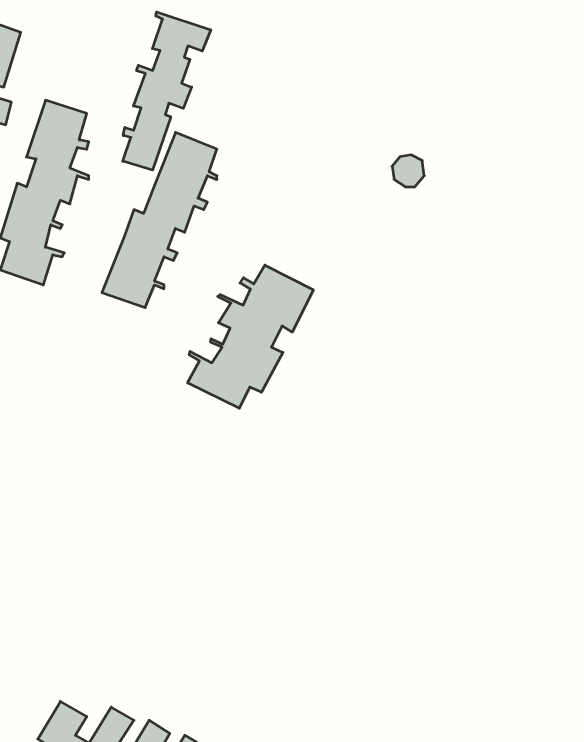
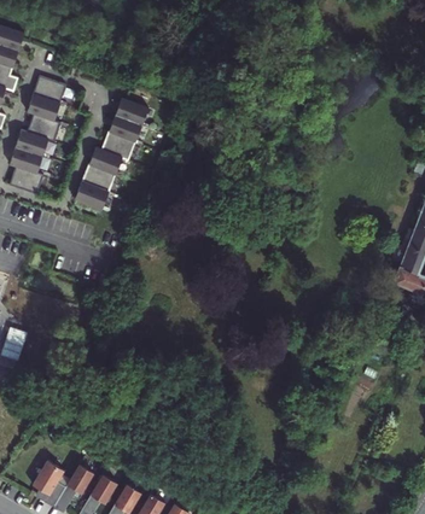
building: [123,12,211,170] -> none
building: [188,265,313,408] -> none

